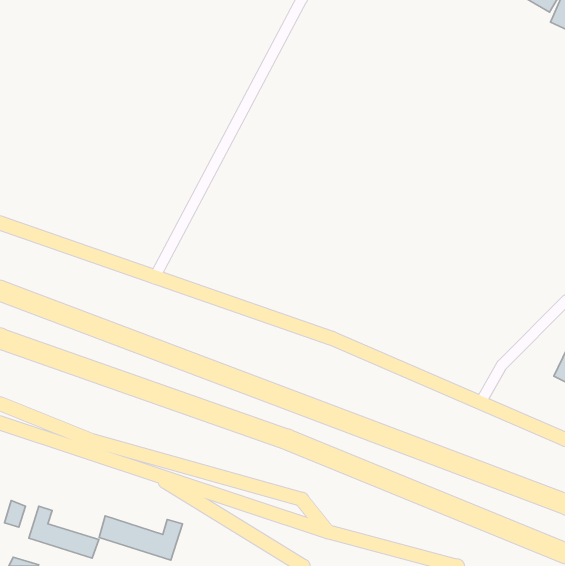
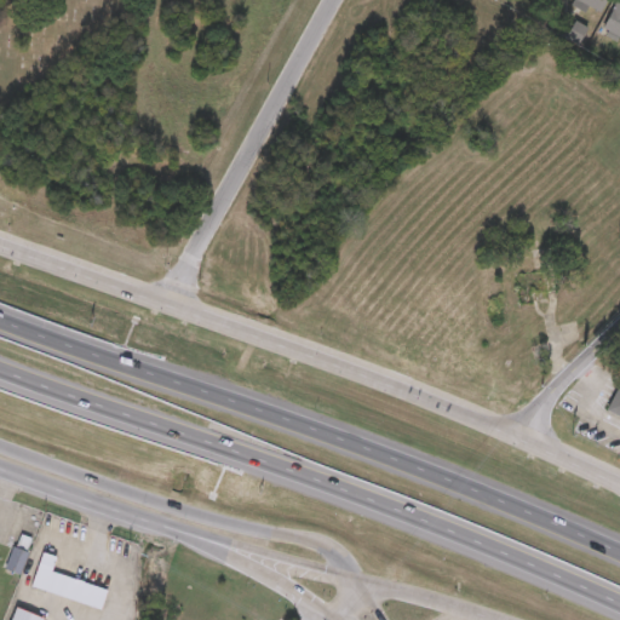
building: [99,516,183,560] -> none

